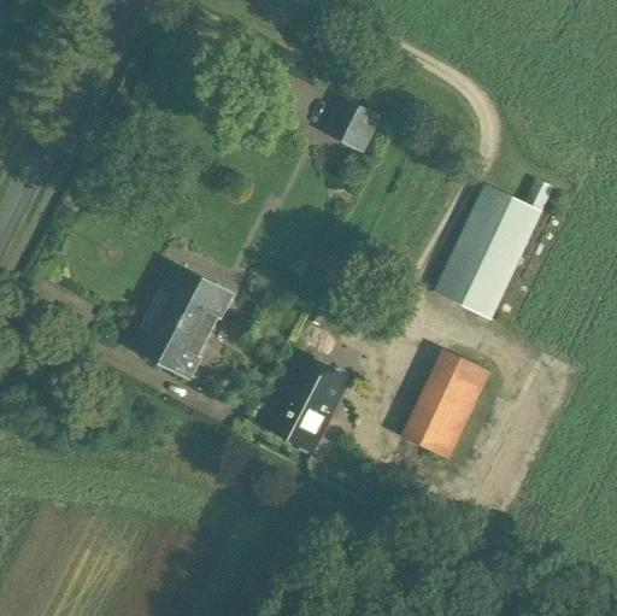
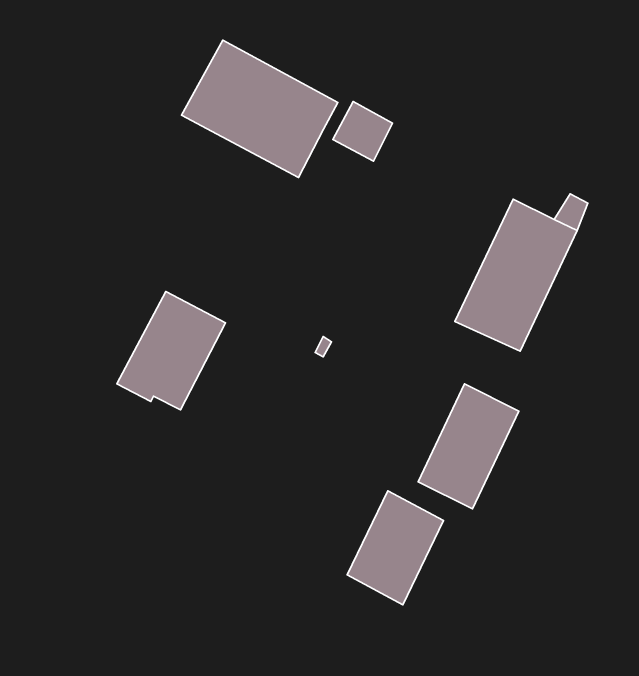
building: none -> [182,40,338,178]
building: [265,351,351,452] -> [347,491,443,605]

